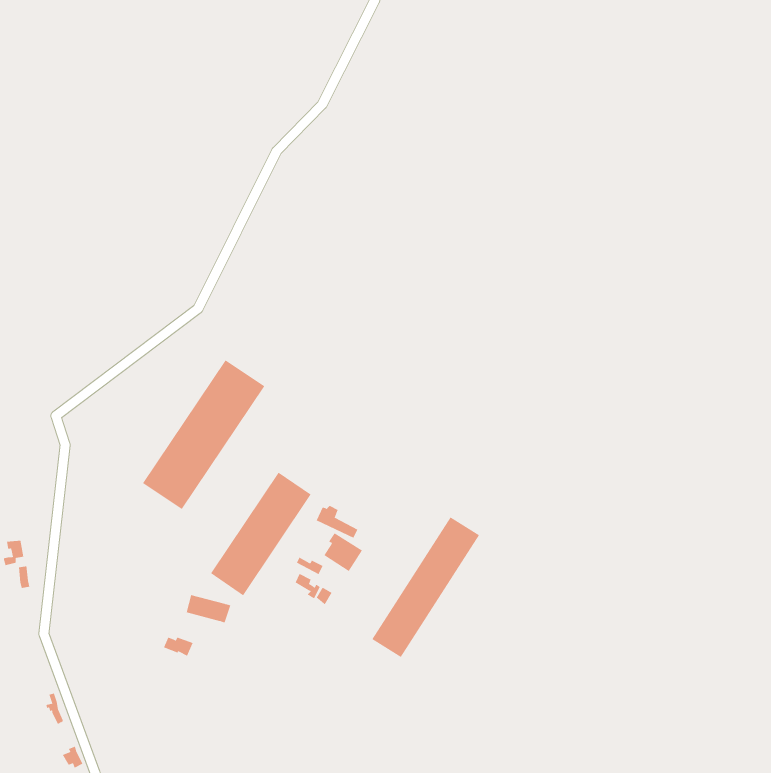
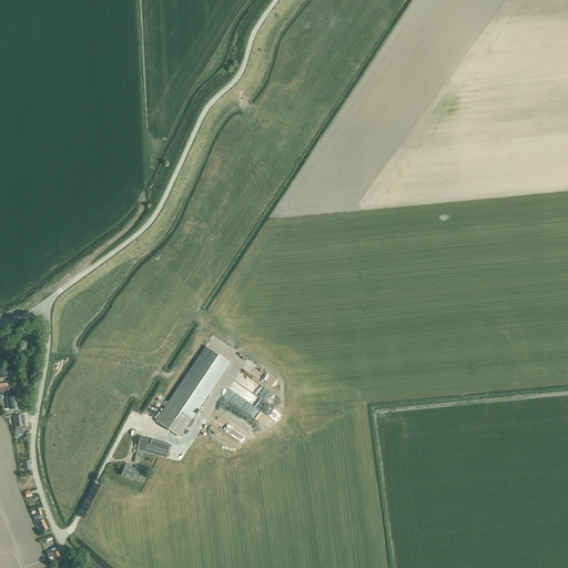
building: [142,359,265,510] -> none
building: [371,516,480,658] -> none

